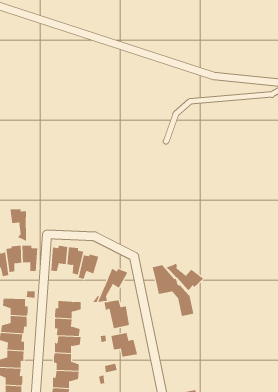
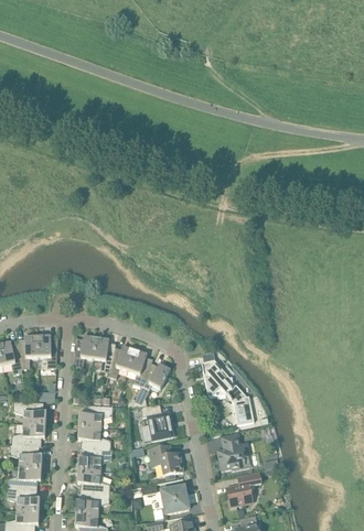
building: [10,207,27,242] -> none
building: none -> [128,349,152,387]
building: [166,262,204,293] -> none
building: none -> [217,432,253,470]
building: none -> [227,473,261,506]
building: none -> [161,485,189,513]

